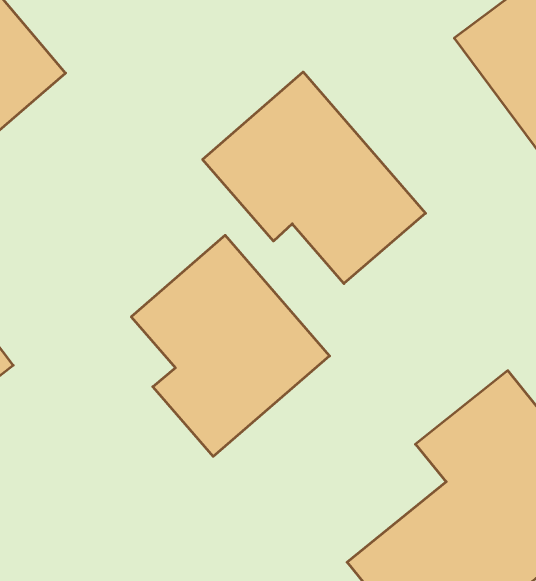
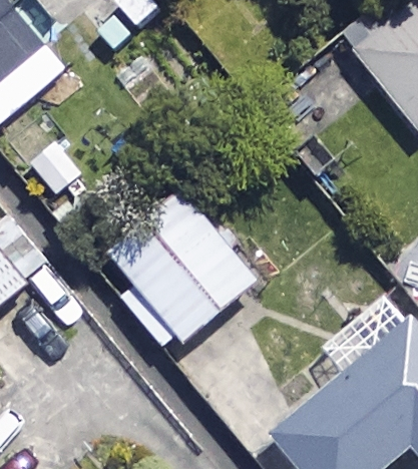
building: [203,72,426,284] -> none

